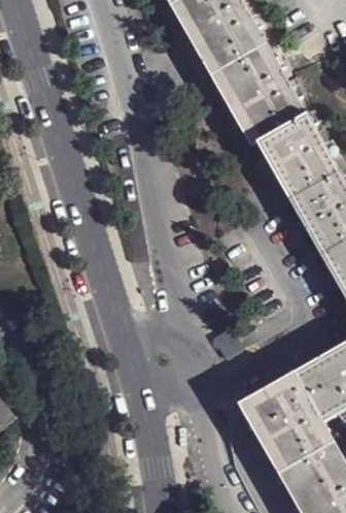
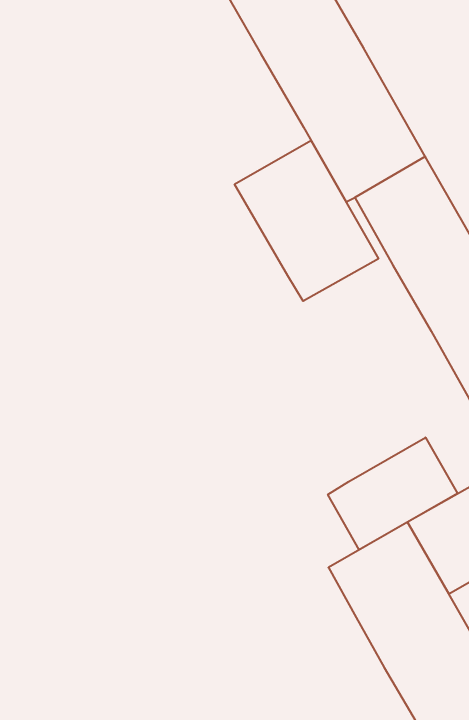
building: none -> [235,140,378,301]
building: none -> [328,437,458,550]

